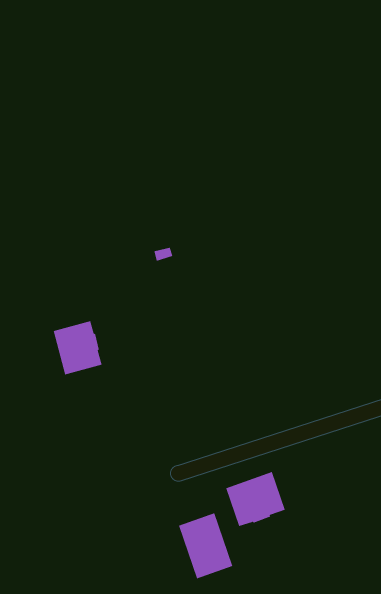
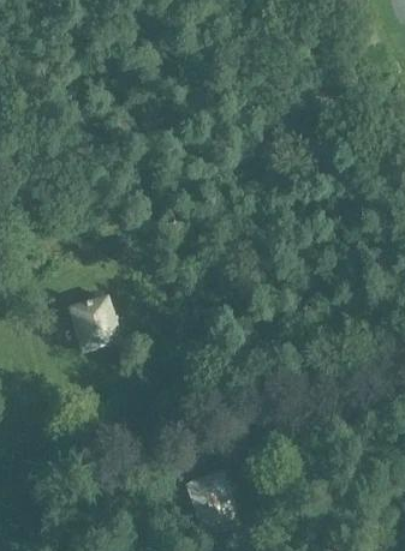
building: [225,471,285,527] -> none

